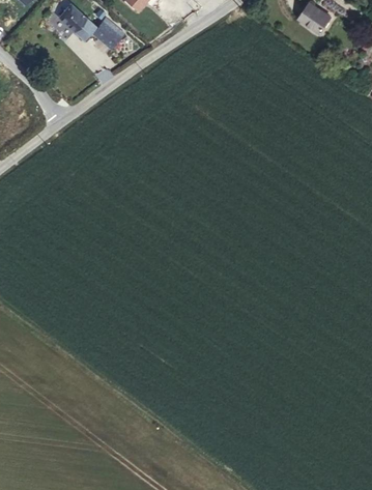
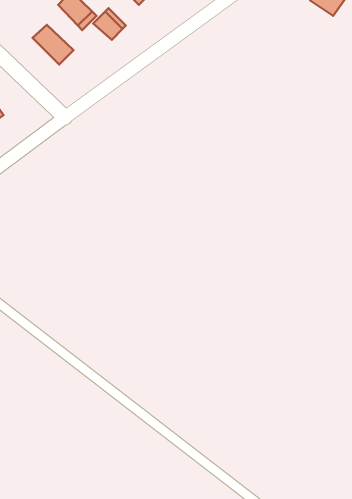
building: none -> [33,25,73,64]

